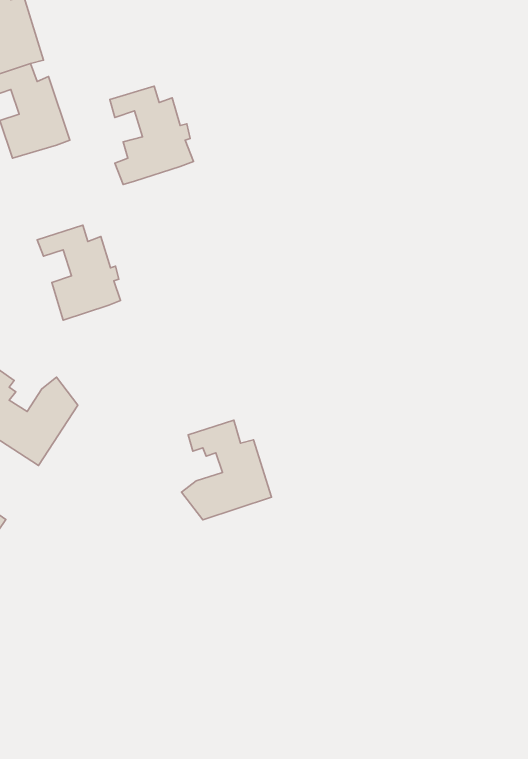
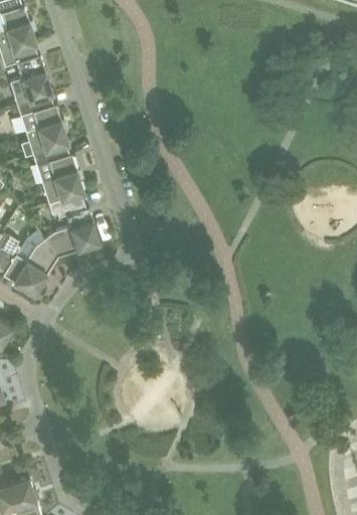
building: [110,86,193,184] -> [16,96,67,156]
building: [181,420,271,520] -> [43,194,99,255]

